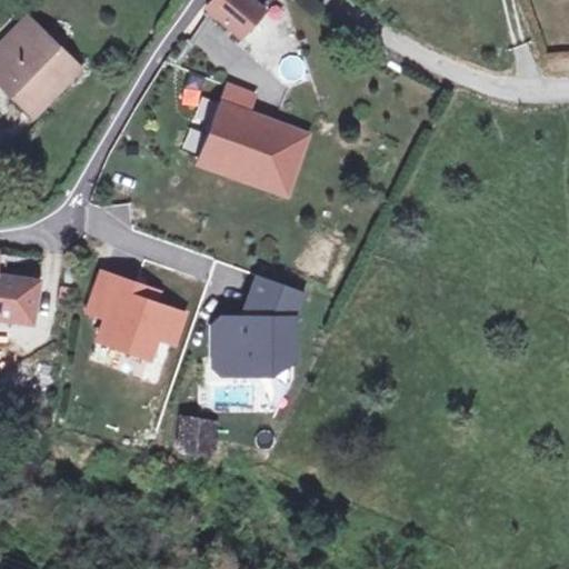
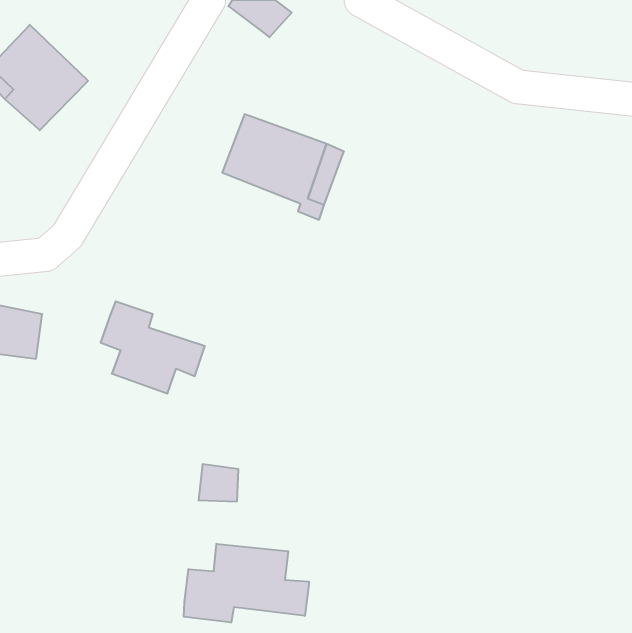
building: [213,276,303,371] -> none
building: none -> [184,544,309,623]

